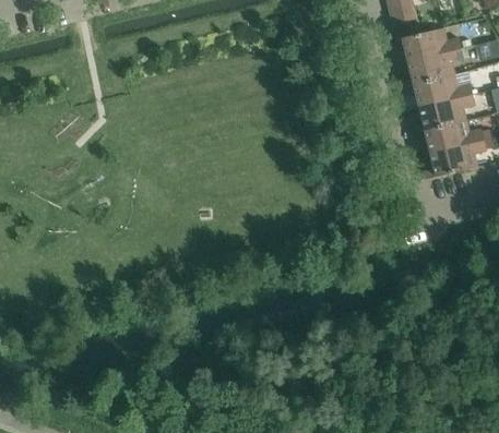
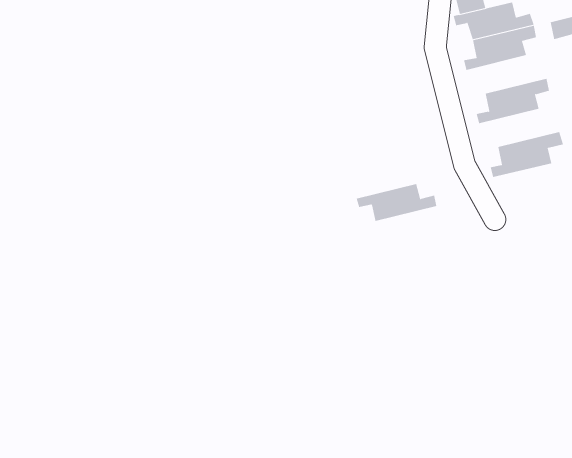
building: [403,72,473,105] -> none
building: [414,118,484,151] -> [356,183,437,222]

